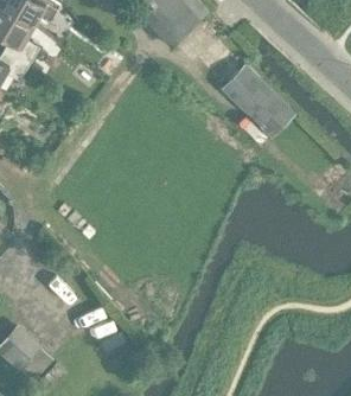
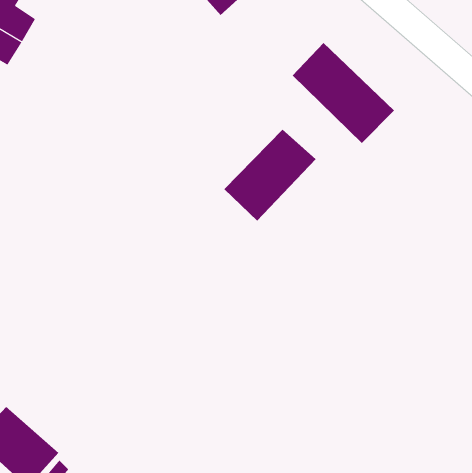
building: none -> [223,129,317,221]

